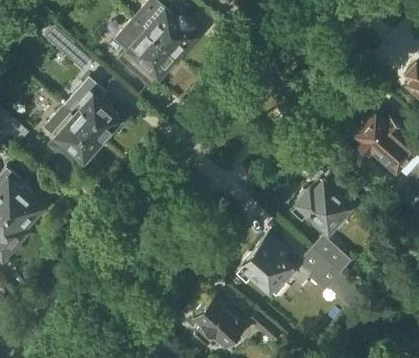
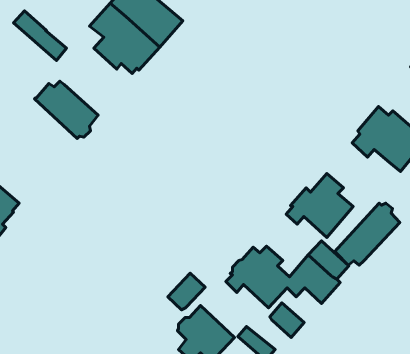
building: [43,105,101,169] -> none
building: none -> [334,203,400,265]
building: none -> [168,273,205,310]
building: none -> [270,303,304,337]

